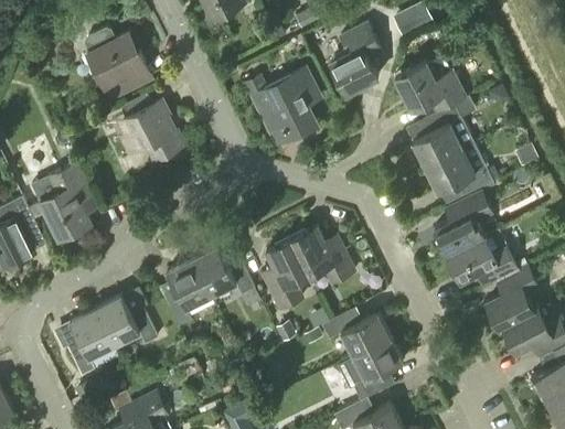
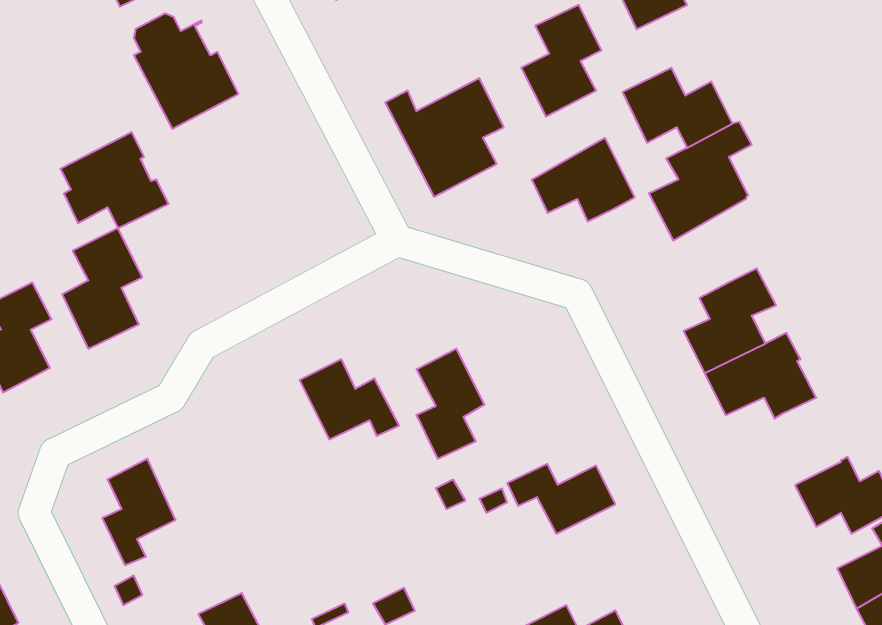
building: [115,99,183,160] -> [60,132,169,228]
building: [427,144,492,197] -> [532,138,635,222]
building: [290,226,355,282] -> none
building: [162,259,210,328] -> none
building: [488,266,539,329] -> none
building: [95,297,157,347] -> none
building: [353,337,404,400] -> none

